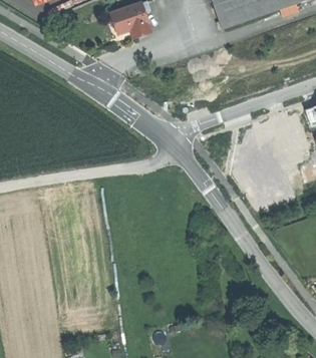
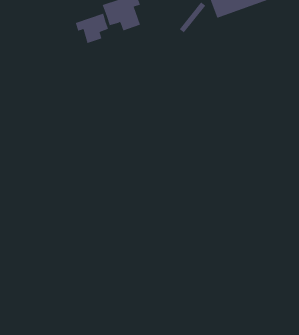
building: none -> [75,13,109,44]

